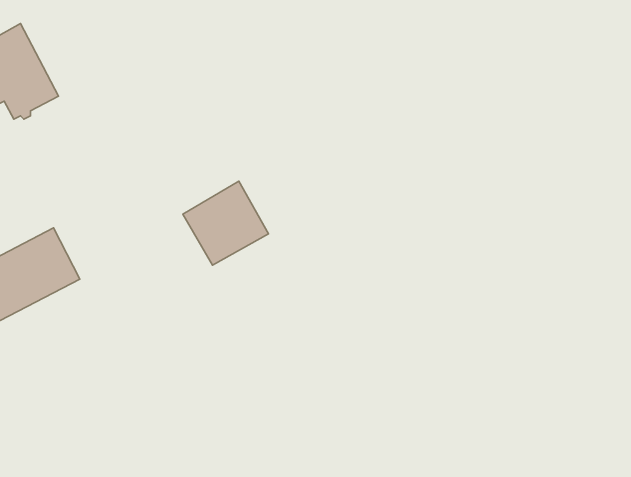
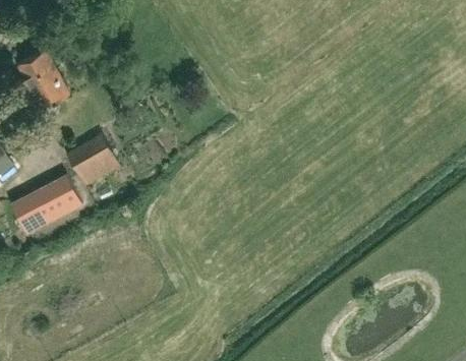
building: [183,181,269,265] -> [66,133,119,185]

